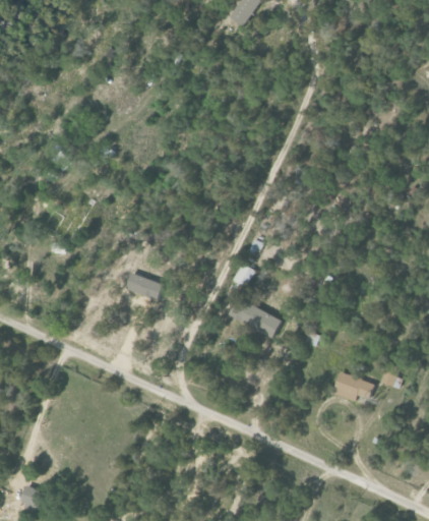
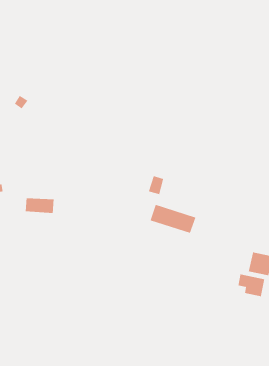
building: [126,275,163,299] -> [25,197,54,214]
building: none -> [237,274,265,297]

